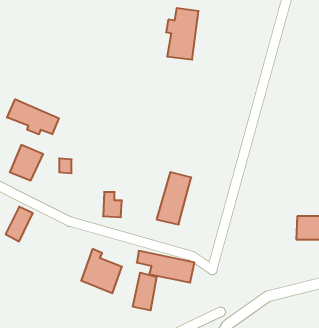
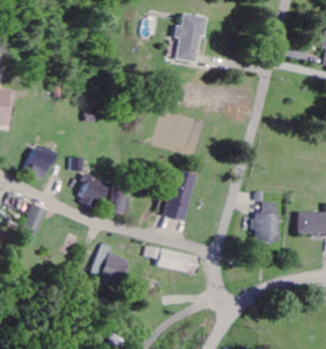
building: [7,99,59,134] -> none
building: none -> [79,173,108,209]
building: none -> [253,202,279,242]
building: [133,273,157,310] -> none

